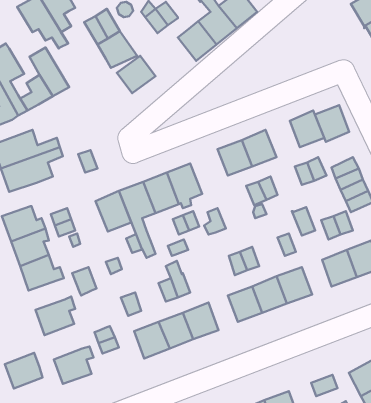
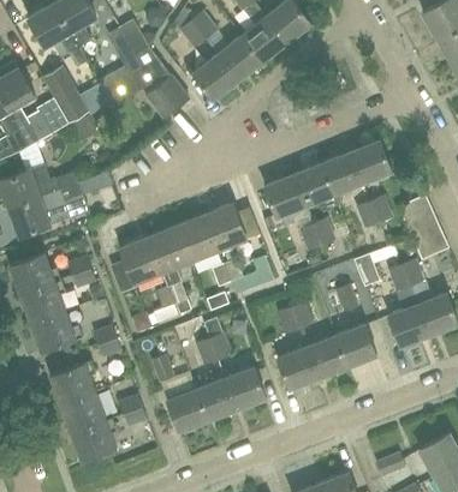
building: none -> [192,54,239,101]
building: [315,105,349,142] -> [321,152,362,196]
building: [5,353,42,389] -> [60,392,105,434]

